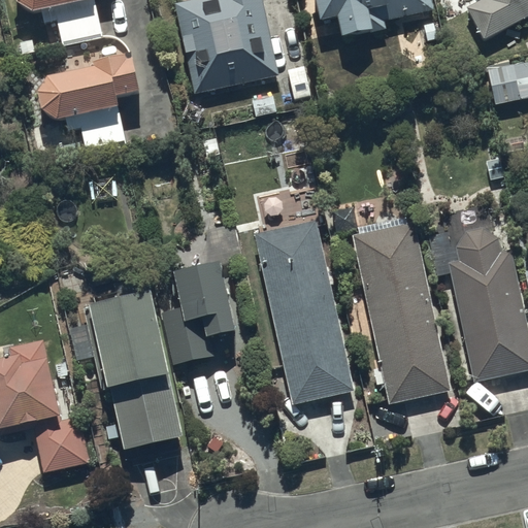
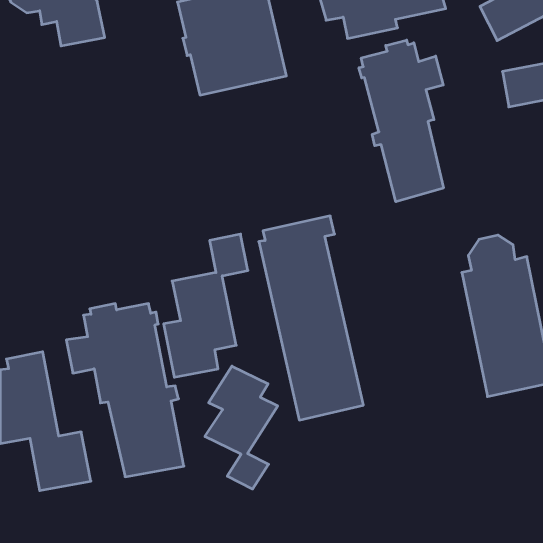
building: none -> [359,40,443,202]
building: [34,54,142,147] -> none
building: [332,207,450,402] -> none
building: none -> [205,366,278,489]

